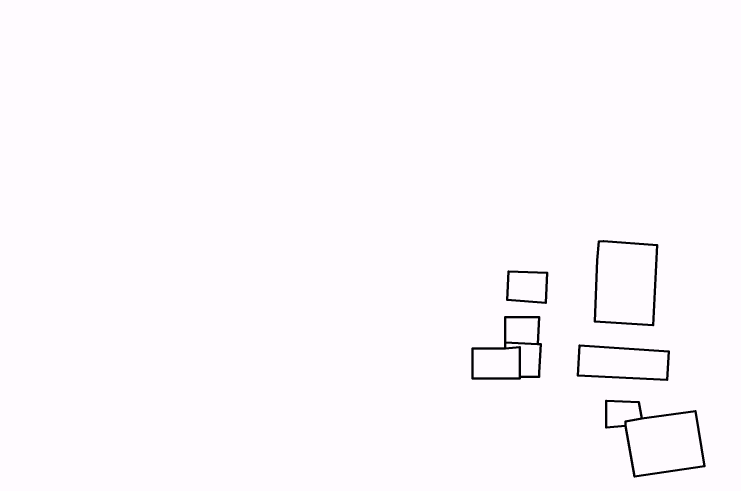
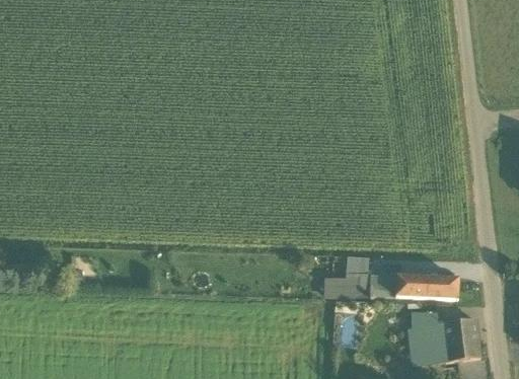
building: [595,241,657,325] -> none
building: [507,271,547,303] -> [368,273,395,294]
building: none -> [406,328,433,366]

